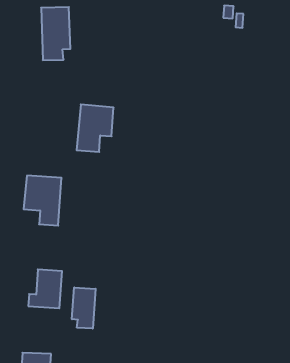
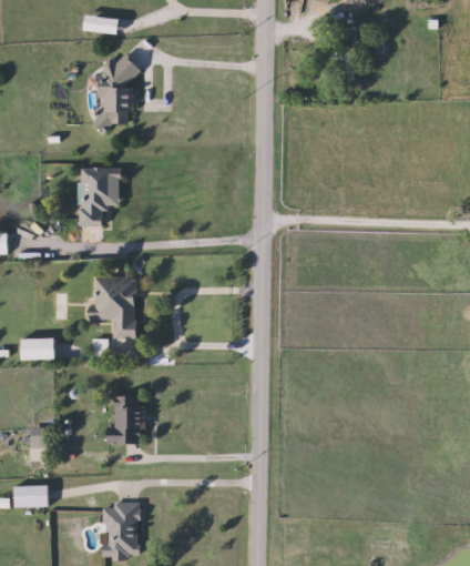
building: [77,104,114,152] -> [76,168,120,226]
building: [72,287,96,329] -> none

